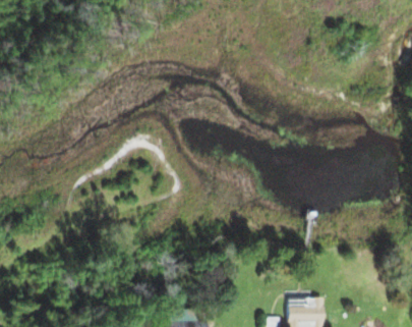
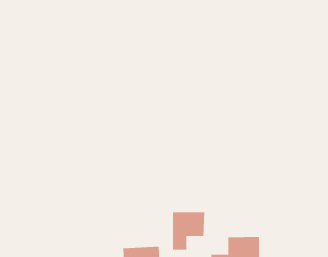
building: none -> [172,211,205,250]

